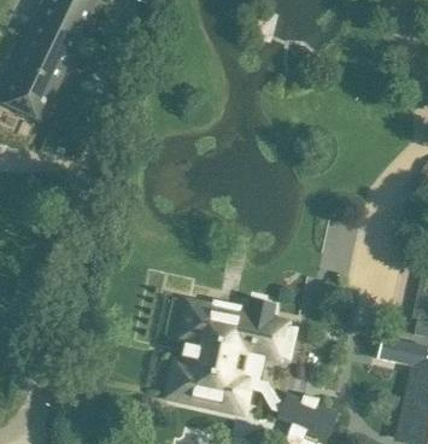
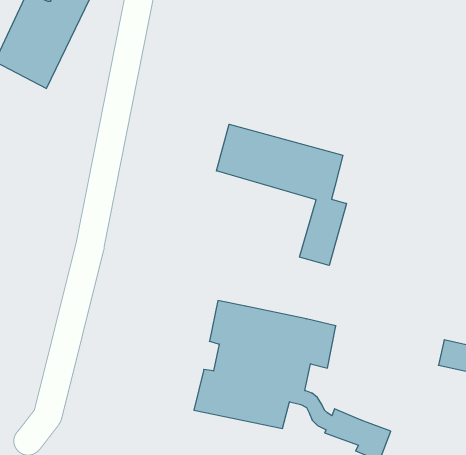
building: none -> [216,124,346,265]

